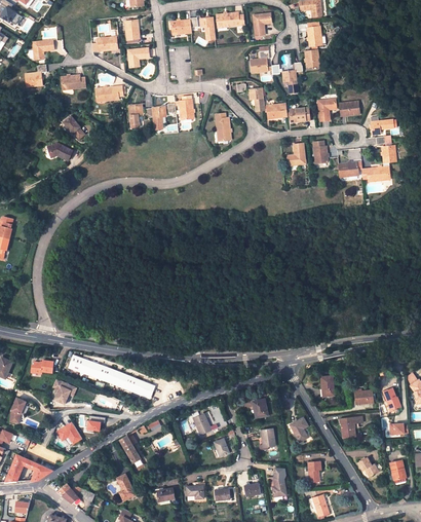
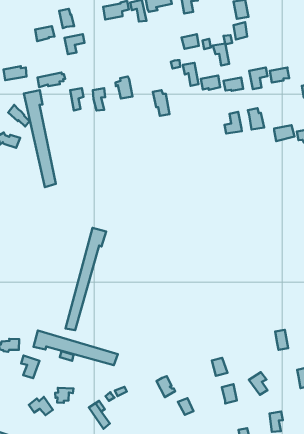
building: none -> [24,90,56,187]
building: none -> [65,228,106,330]

